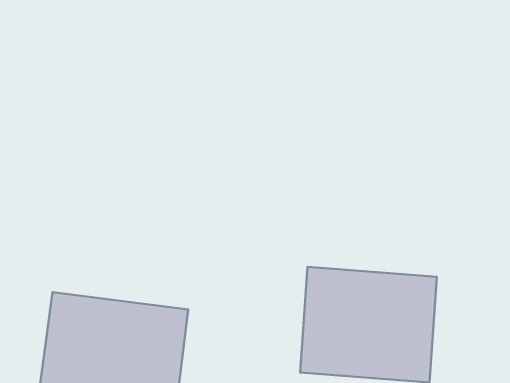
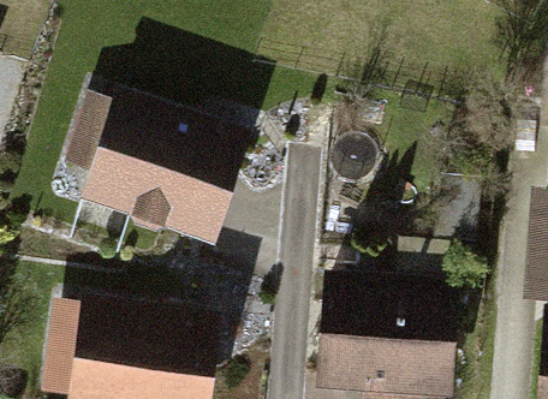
building: none -> [88,103,243,242]

